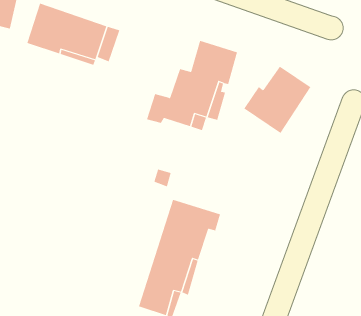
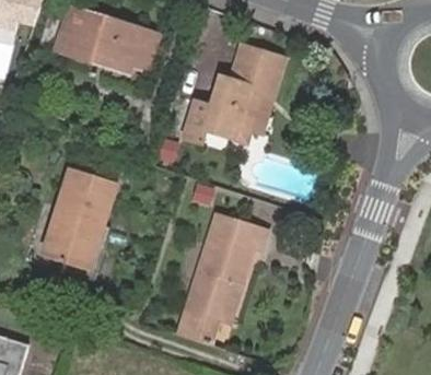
building: [244,66,311,134] -> none
building: none -> [43,167,115,270]

